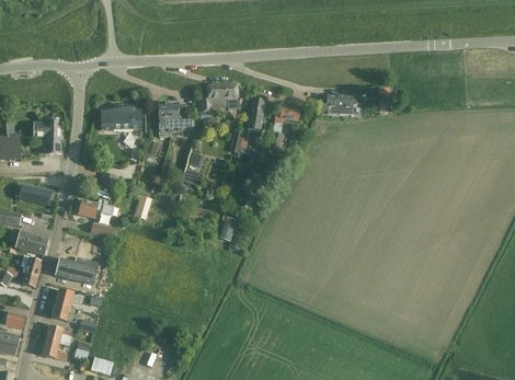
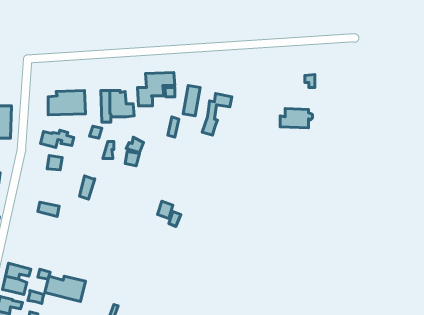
building: [321,93,356,114] -> [280,109,312,128]
building: [78,199,114,218] -> [41,130,74,148]
building: [55,257,99,285] -> [45,276,85,301]

